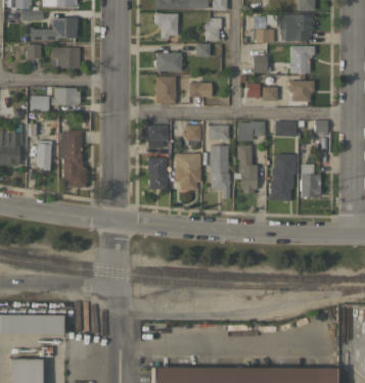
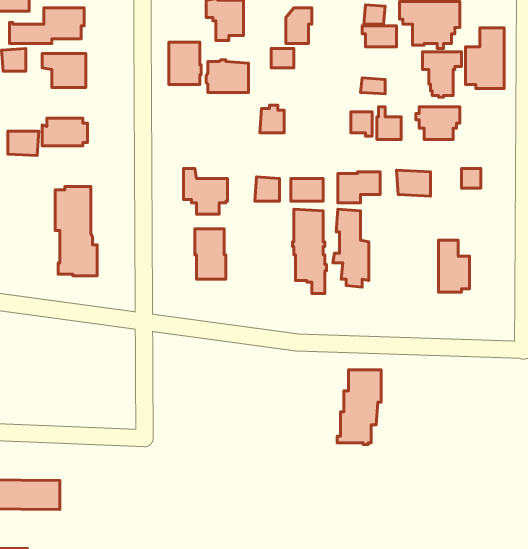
building: none -> [466,28,504,88]
building: [156,77,177,103] -> [169,42,201,84]
building: [37,140,53,171] -> none
building: [176,153,201,190] -> none
building: [269,154,296,201] -> [337,370,381,444]

